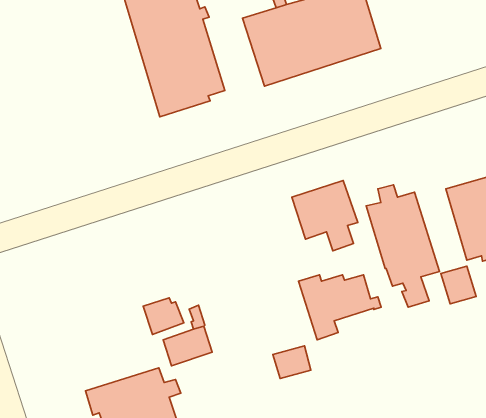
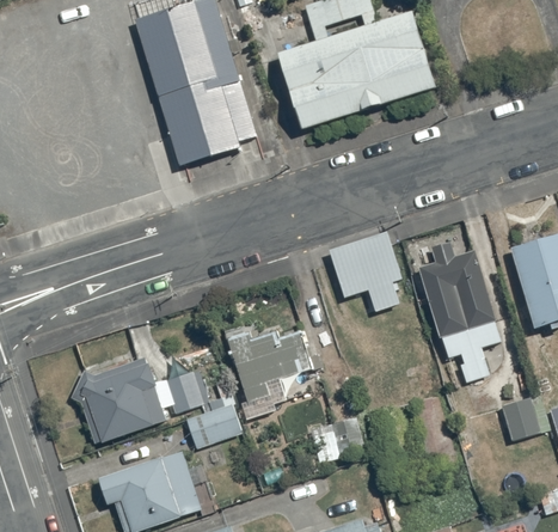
building: [441,266,476,304] -> [501,397,541,440]
building: [298,275,381,340] -> [226,329,320,403]
building: none -> [70,356,167,445]

